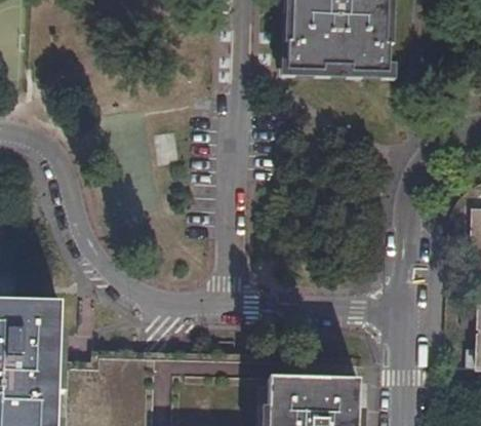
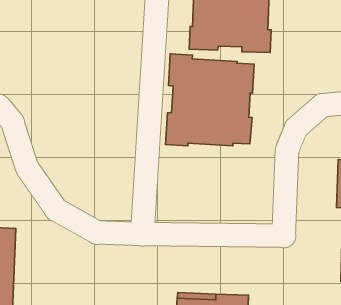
building: none -> [166,54,254,146]

